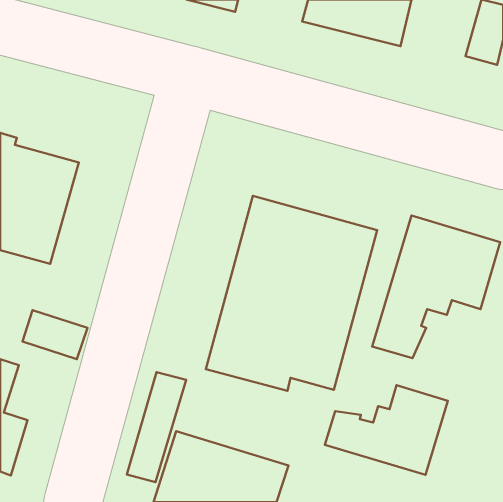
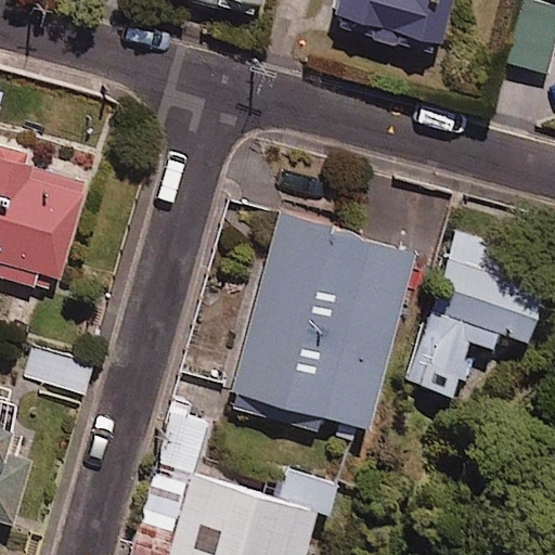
building: [325,385,448,475] -> none

